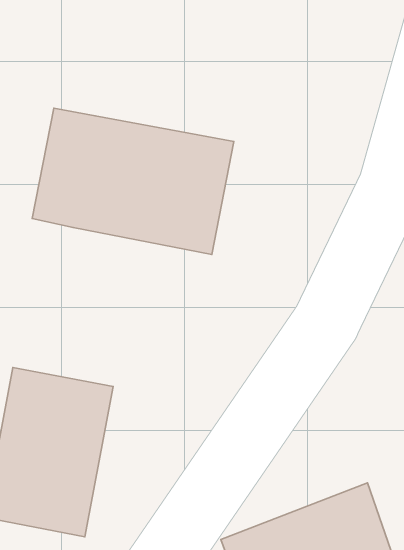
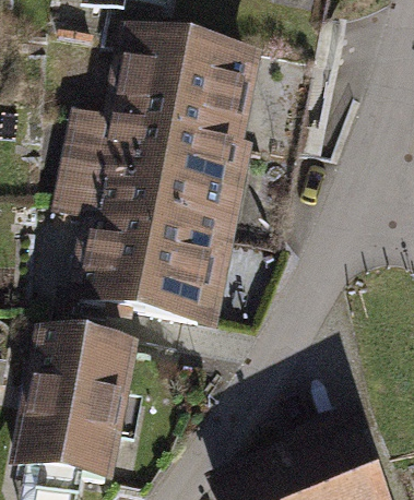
building: none -> [119,35,253,139]
building: none -> [84,212,218,316]

